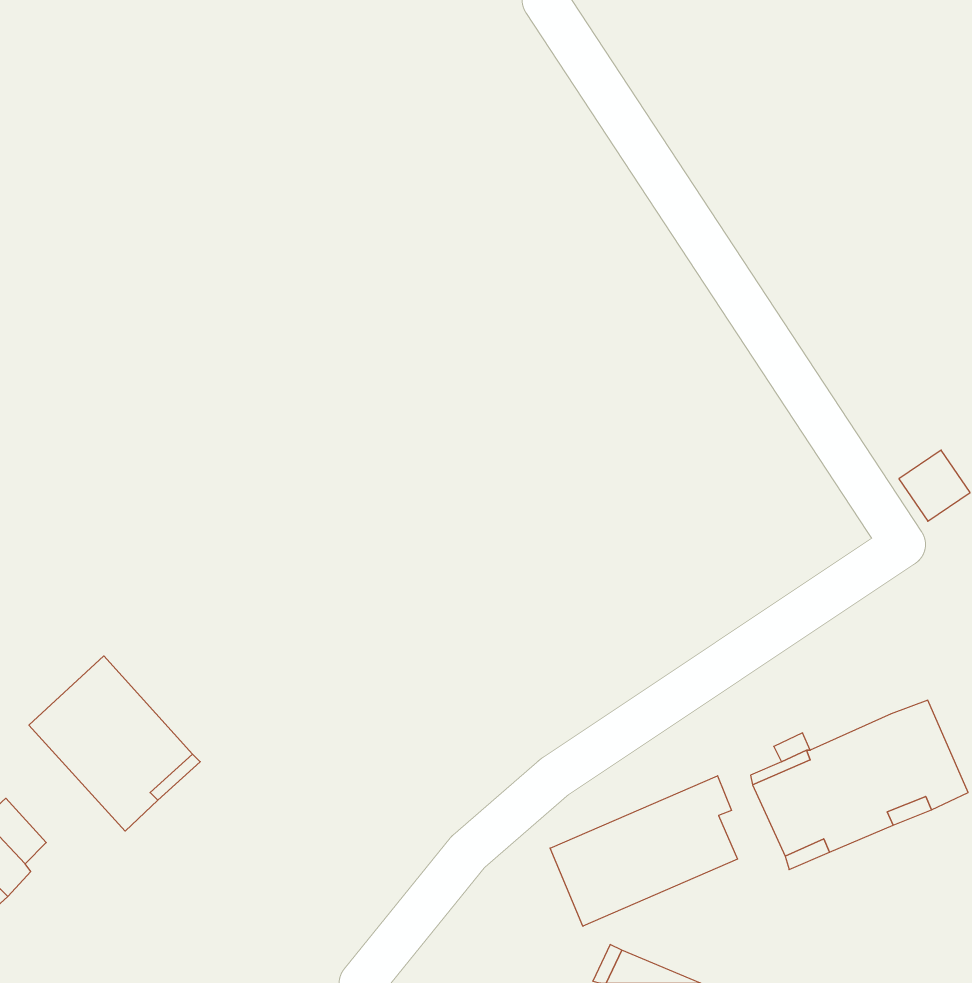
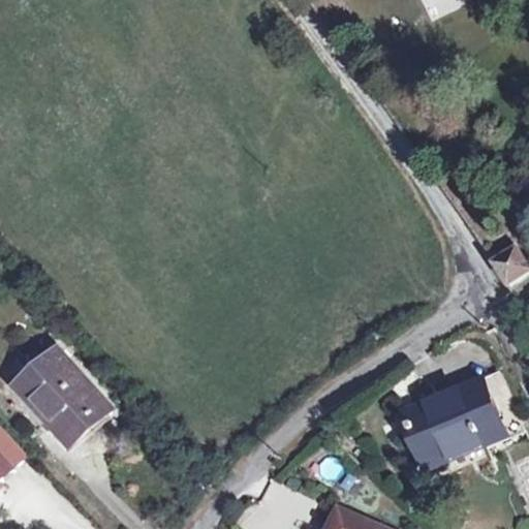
building: [550,776,737,926] -> none

